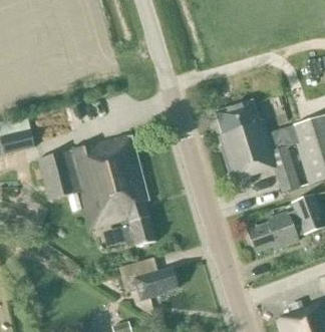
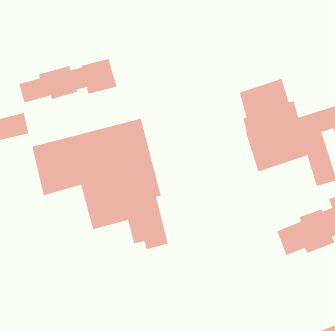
building: none -> [18,58,117,103]
building: [118,256,179,300] -> none

